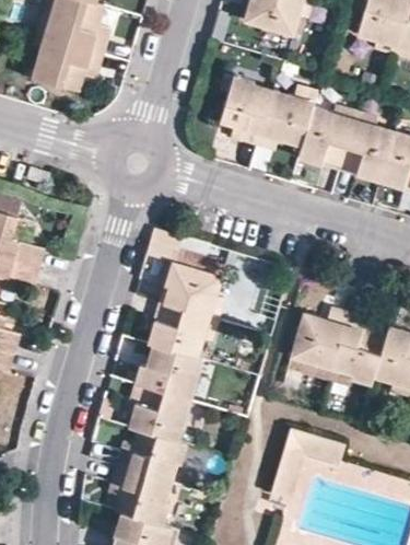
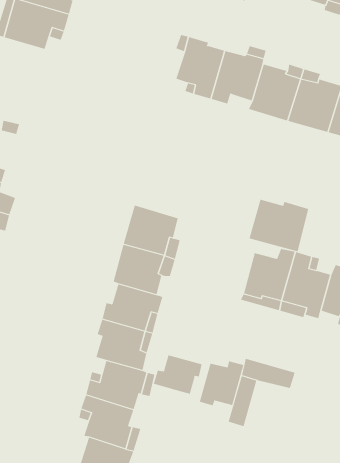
building: none -> [249,199,309,252]
building: none -> [153,355,202,394]
building: none -> [199,360,244,406]

